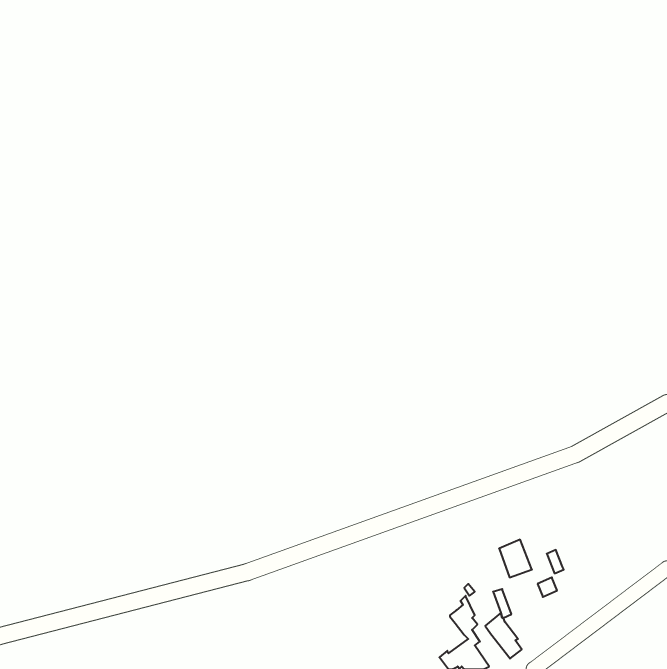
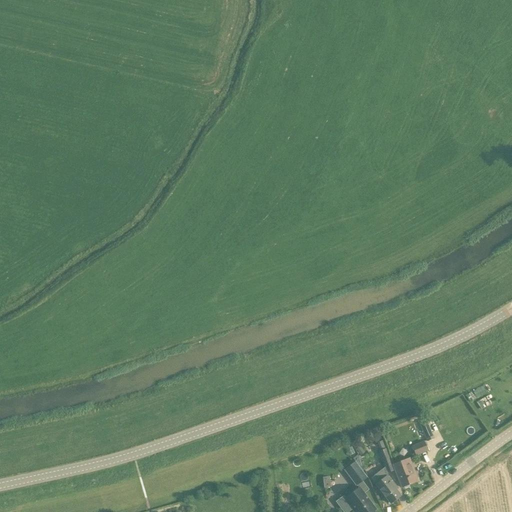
building: [499,540,532,577] -> [392,458,417,487]

